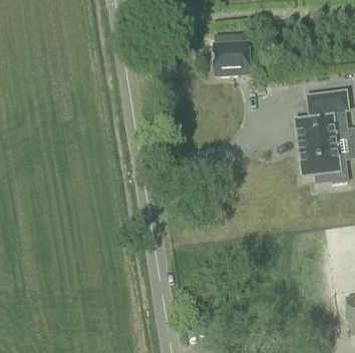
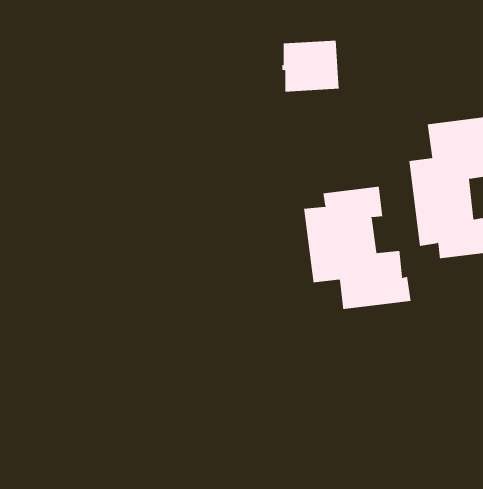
building: none -> [304,186,411,310]

